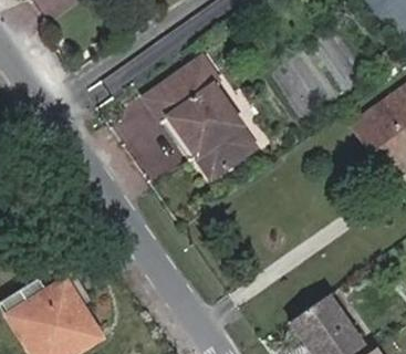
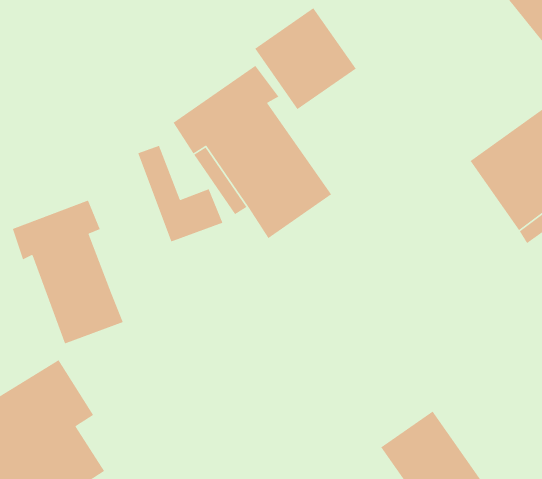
building: none -> [254,7,357,110]
building: none -> [12,199,124,345]

